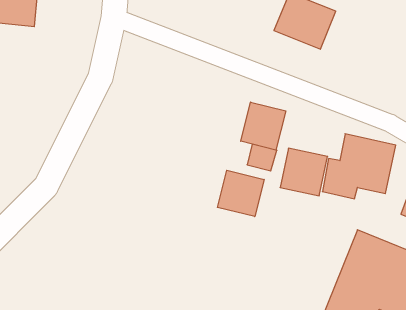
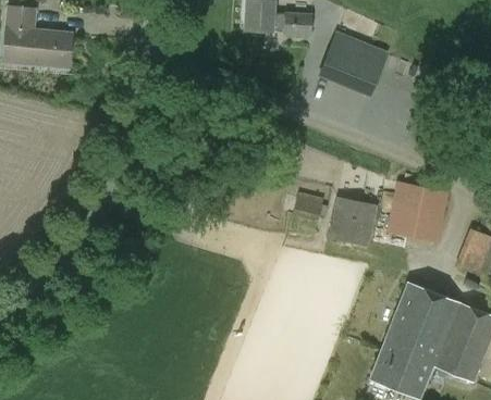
building: [241,102,286,150] -> none
building: [217,170,264,217] -> none

